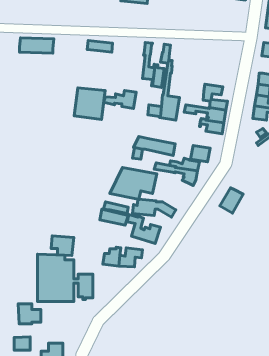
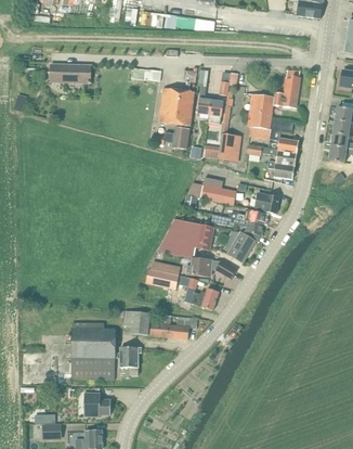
building: none -> [250,77,299,139]
building: [74,88,105,119] -> [158,88,195,126]
building: [220,188,243,213] -> [227,232,256,262]
building: [51,236,74,256] -> [123,310,151,334]
building: [18,304,41,324] -> [83,392,110,415]

